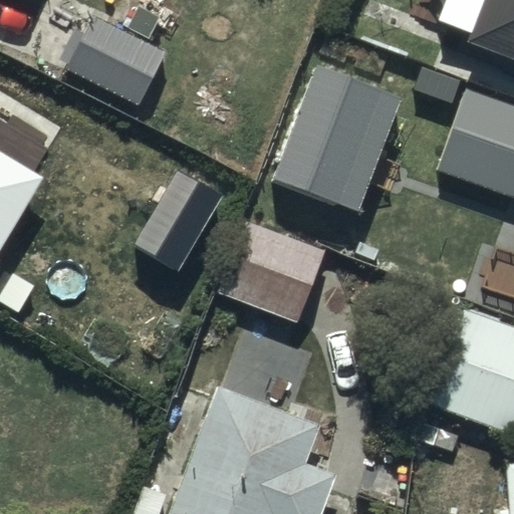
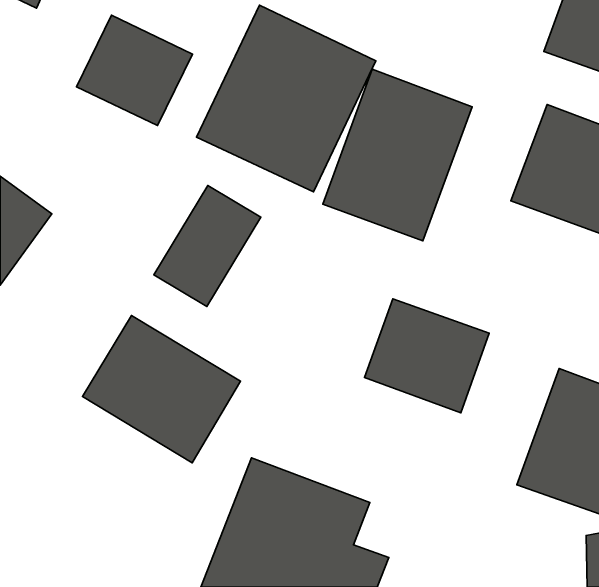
building: none -> [196,5,376,192]
building: [214,227,320,324] -> [365,299,489,413]
building: none -> [82,316,241,463]

